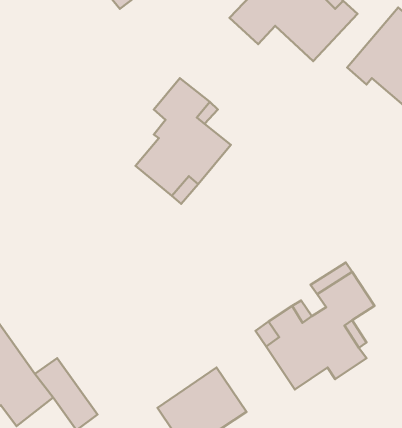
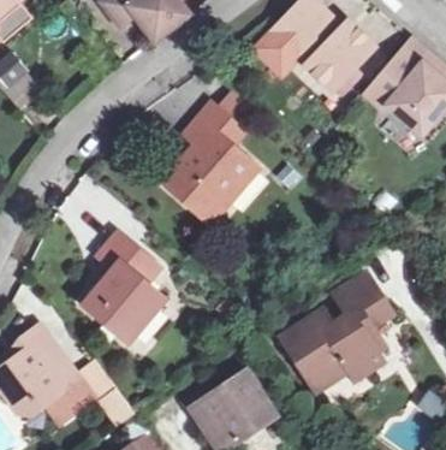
building: none -> [84,233,163,341]

